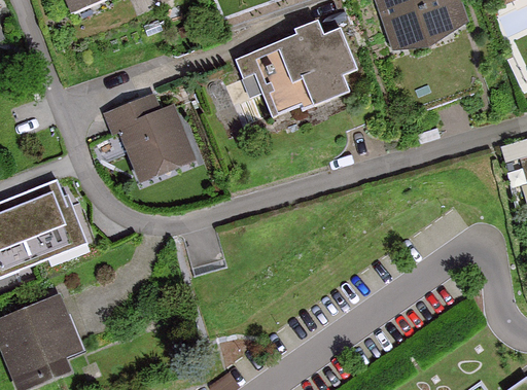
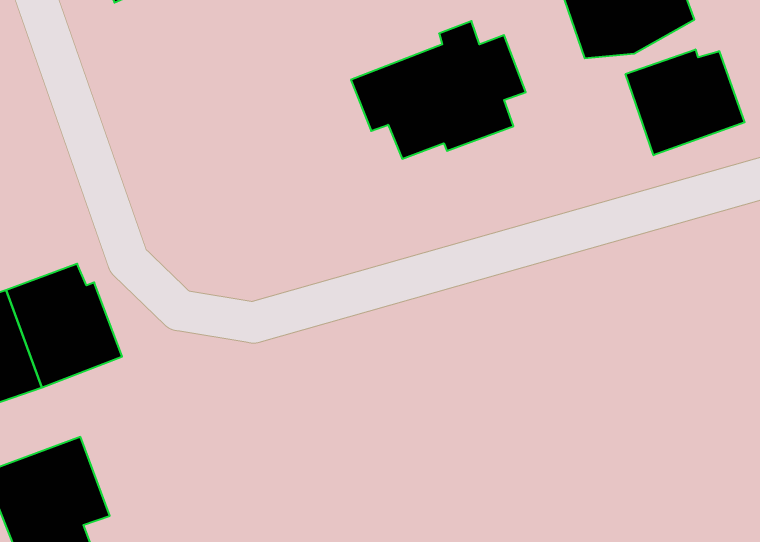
building: none -> [626,49,745,155]
building: [109,92,203,179] -> none

